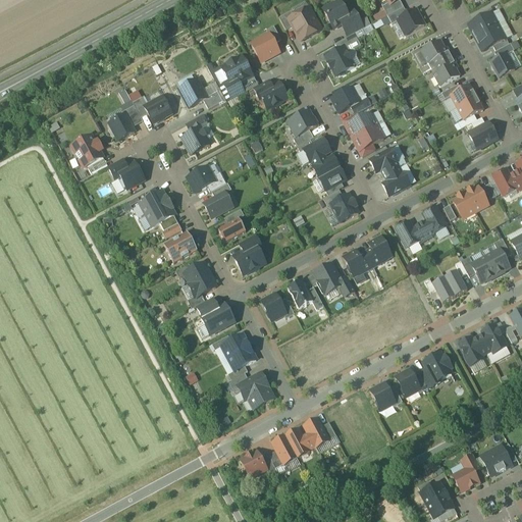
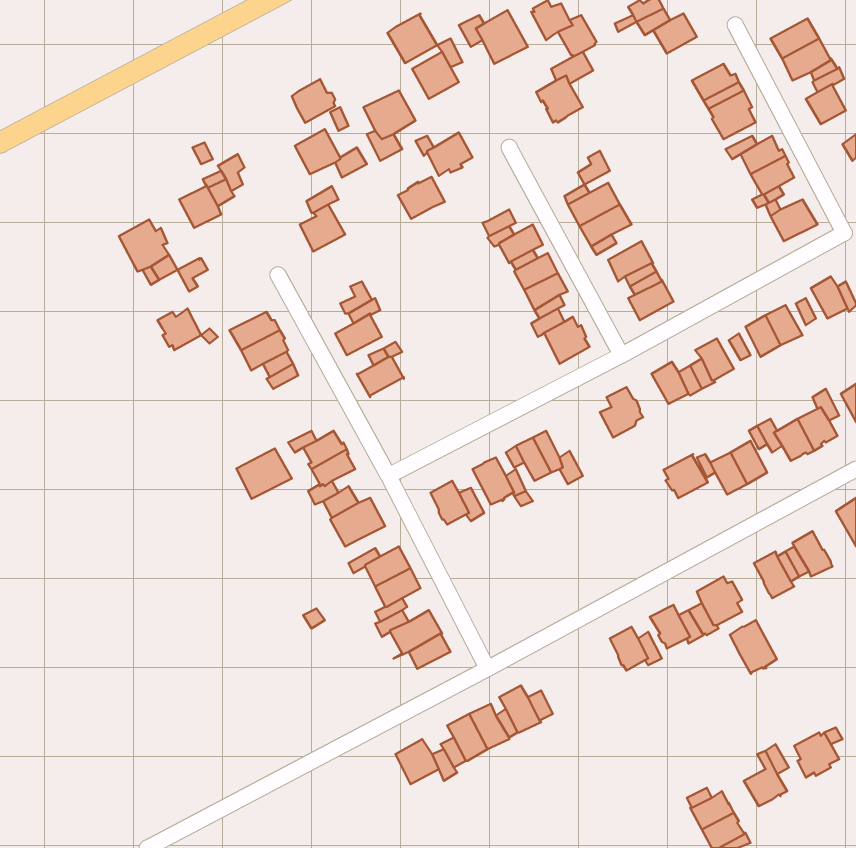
building: none -> [388,13,437,63]
building: [331,86,360,111] -> none
building: [145,95,171,121] -> [292,79,335,123]
building: [289,109,317,135] -> [398,177,445,219]
building: [117,162,144,188] -> [157,308,201,350]
building: [188,165,216,191] -> none
building: [164,230,198,261] -> [236,448,292,499]
building: [233,233,264,273] -> none
building: [344,249,373,274] -> none
building: none -> [663,454,708,498]
building: none -> [730,620,777,674]

